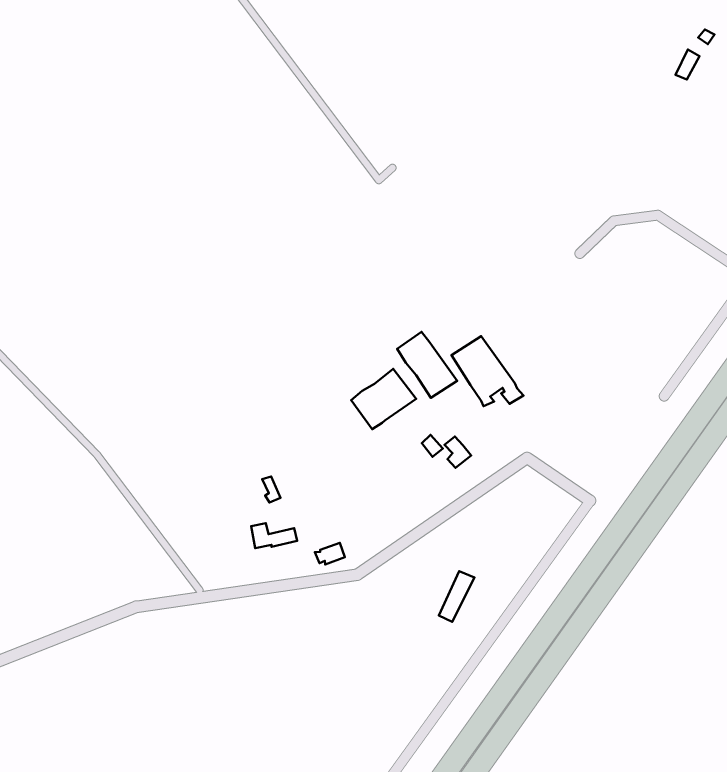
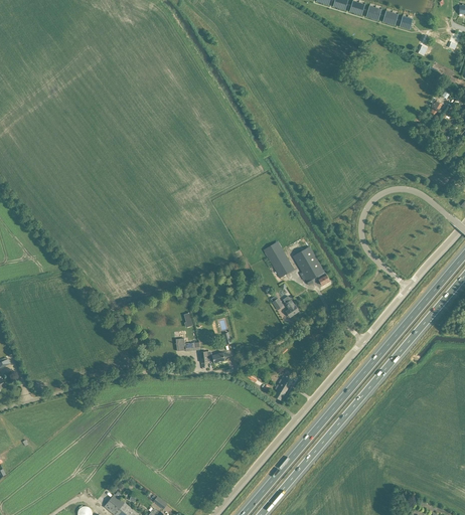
building: [351,369,416,429] -> none

